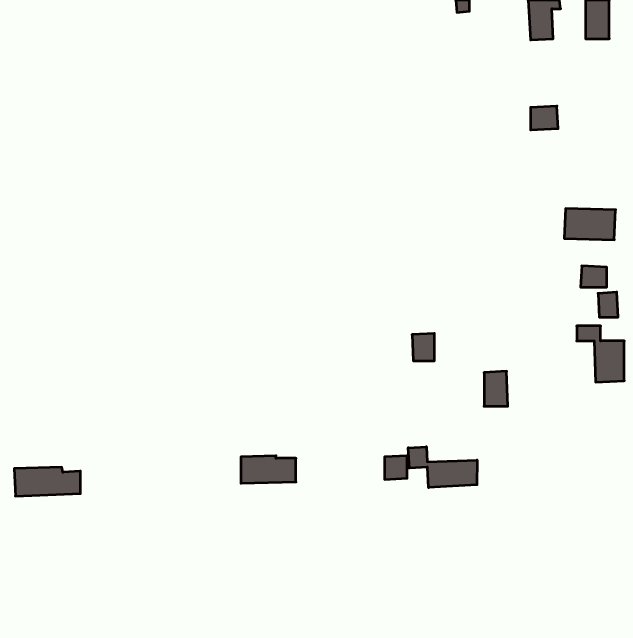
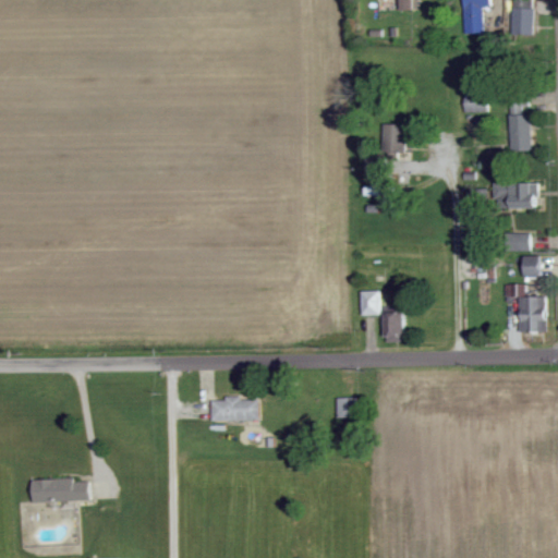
building: none -> [508,114,531,151]
building: none -> [381,124,405,154]
building: [484,371,508,406] -> [383,312,403,342]
building: [408,447,477,488] -> none
building: [14,467,80,496] -> [31,478,88,504]

